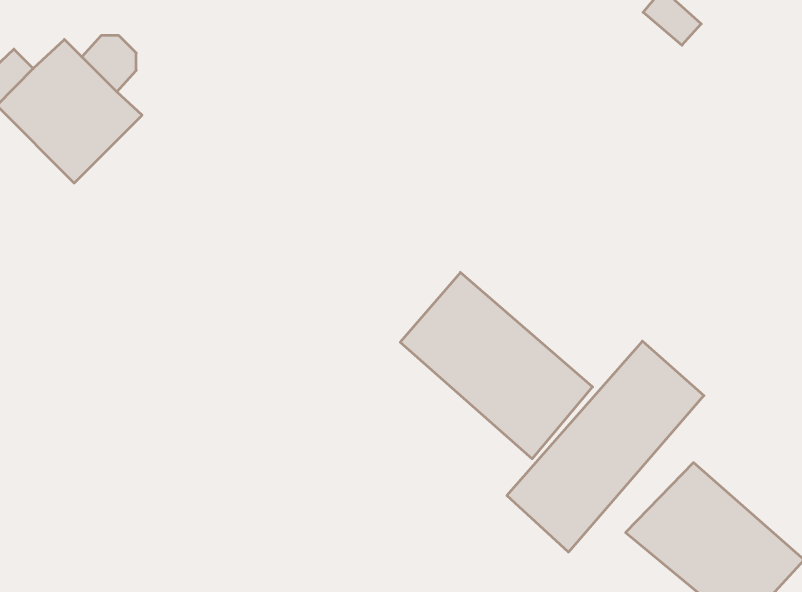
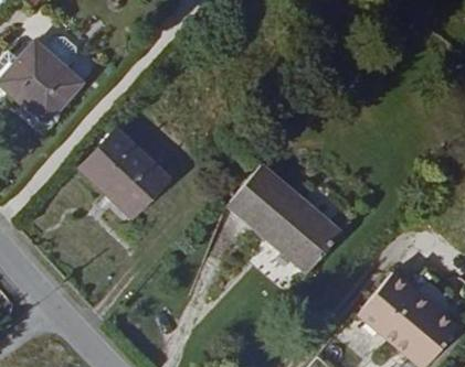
building: none -> [80,132,165,216]
building: [507,341,704,552] -> none

